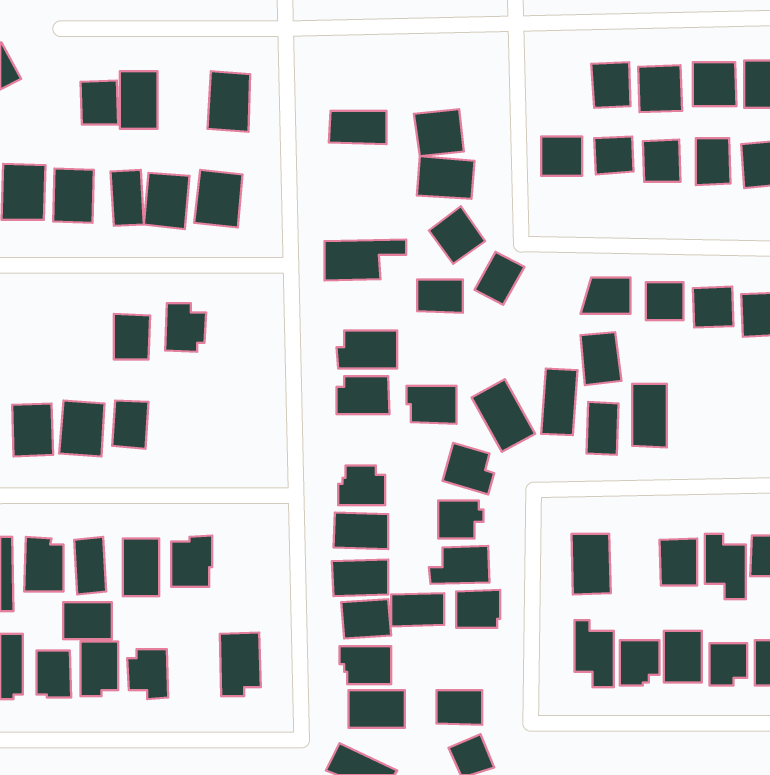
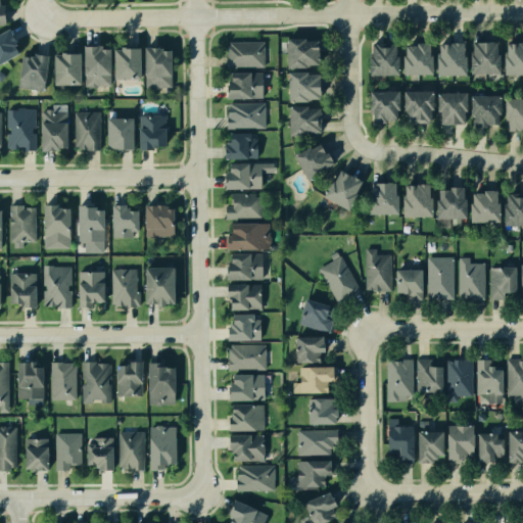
building: none -> [284,37,318,74]
building: none -> [224,40,262,68]
building: none -> [369,46,396,75]
building: none -> [113,47,137,80]
building: none -> [20,53,50,91]
building: none -> [224,101,268,128]
building: none -> [222,134,257,157]
building: [417,279,463,313] -> [228,197,258,220]
building: none -> [43,207,72,247]
building: none -> [10,208,34,246]
building: none -> [148,208,176,236]
building: [580,332,621,385] -> [367,179,394,215]
building: [406,386,456,424] -> [230,284,264,310]
building: none -> [460,260,485,298]
building: none -> [491,265,518,297]
building: none -> [108,267,138,306]
building: none -> [147,268,172,305]
building: none -> [418,359,444,401]
building: none -> [148,364,172,402]
building: [391,593,444,626] -> [297,434,333,457]
building: [63,602,112,639] -> none
building: none -> [121,431,146,470]

